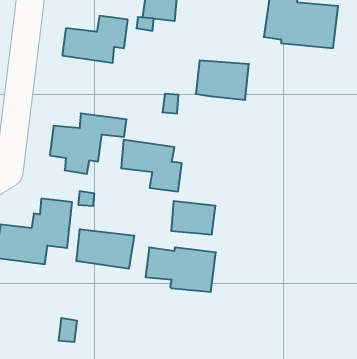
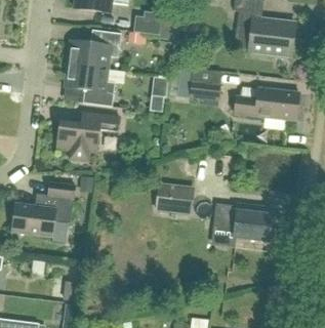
building: none -> [234,86,301,120]
building: [121,140,182,192] -> [65,63,115,106]
building: [77,229,134,269] -> none
building: [145,247,216,292] -> [213,203,272,240]

